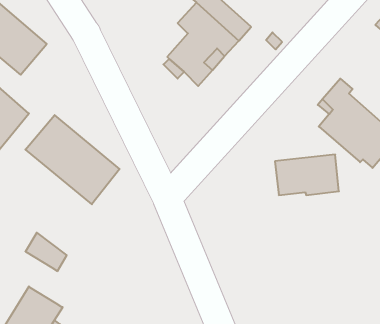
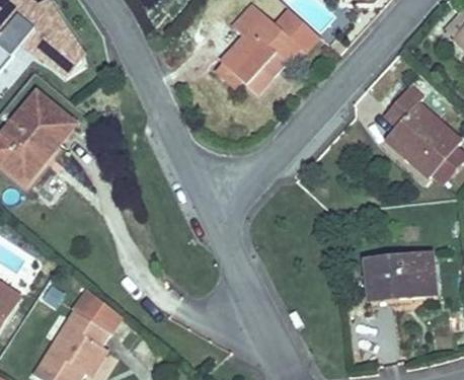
building: [25,115,120,204] -> none
building: [275,155,339,195] -> [366,254,435,298]
building: [25,233,67,271] -> [74,291,119,332]

